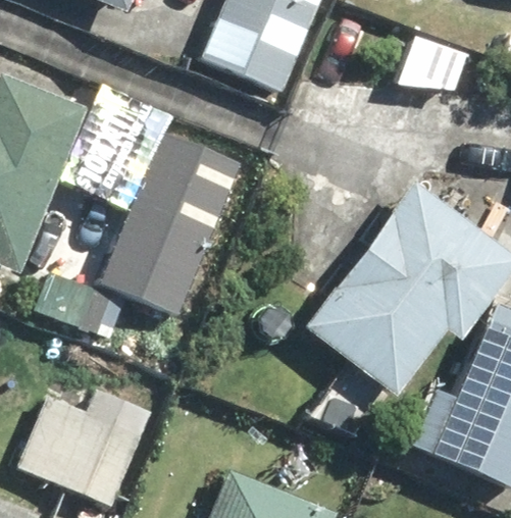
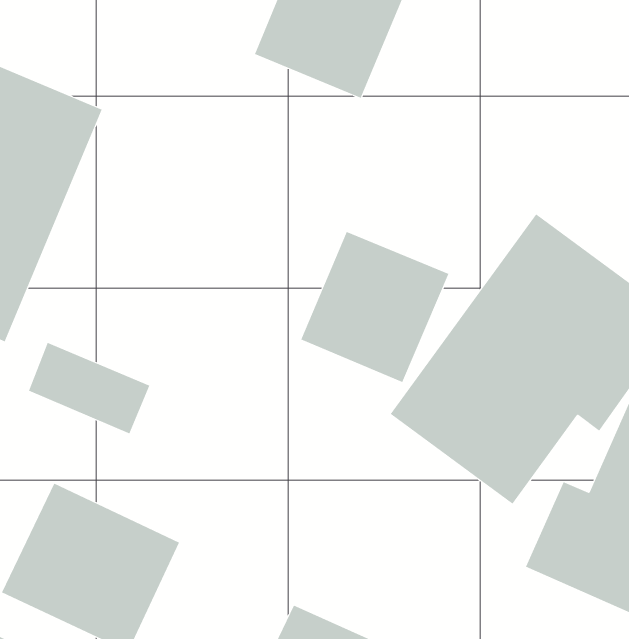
building: [97,127,246,318] -> none
building: none -> [301,231,449,383]

